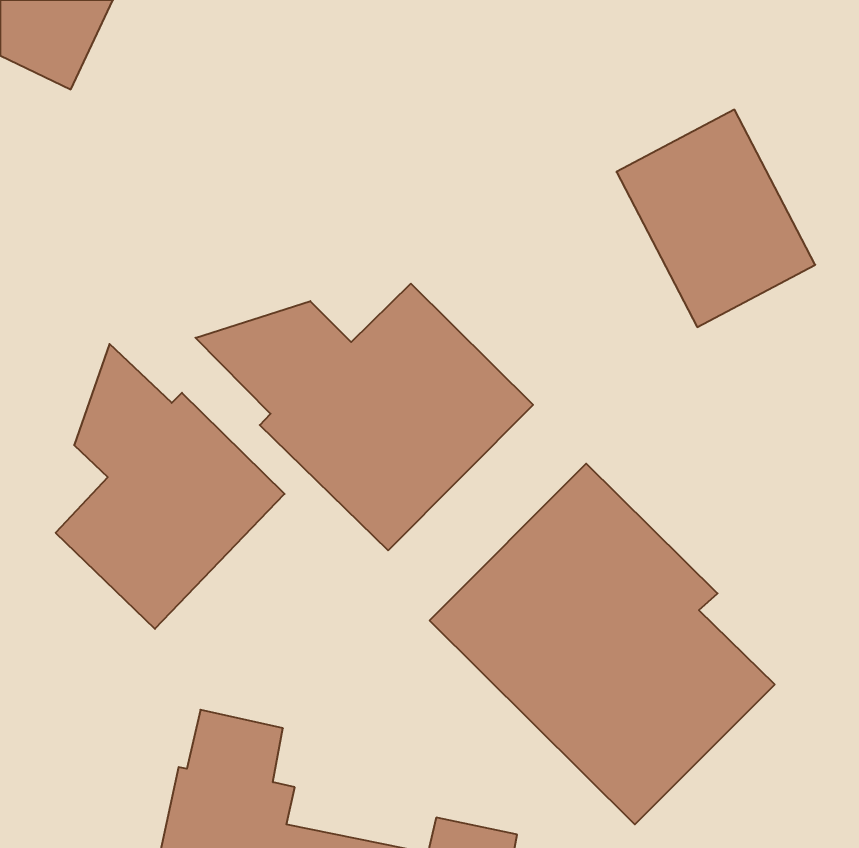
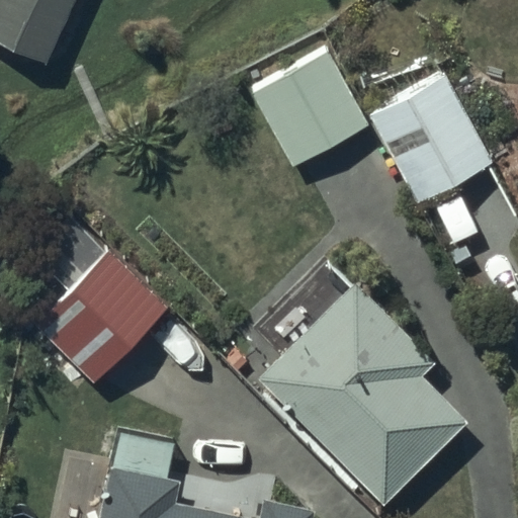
building: none -> [251,52,369,169]
building: [195,284,533,550] -> none

